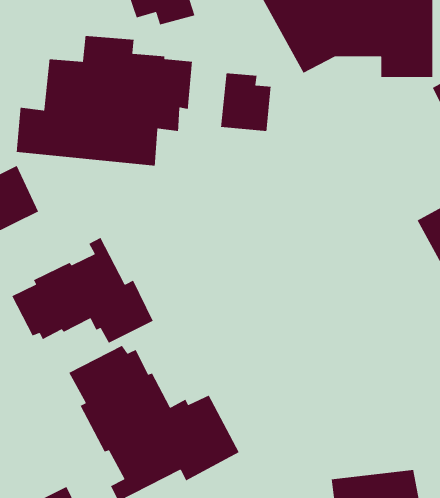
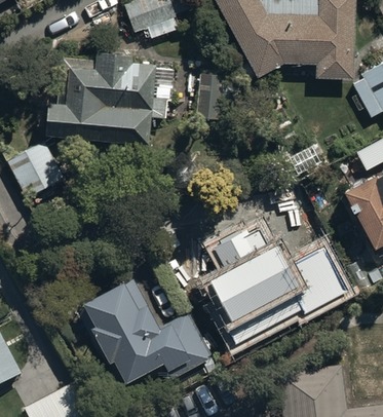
building: [11,237,154,344] -> none
building: none -> [210,224,345,334]

